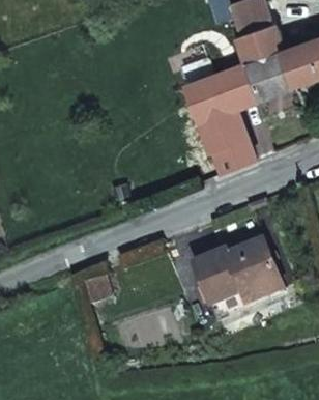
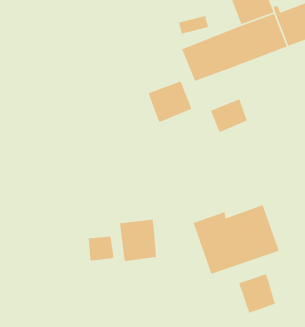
building: [198,107,243,149] -> [147,81,193,123]
building: none -> [119,219,157,262]
building: none -> [238,273,276,313]

